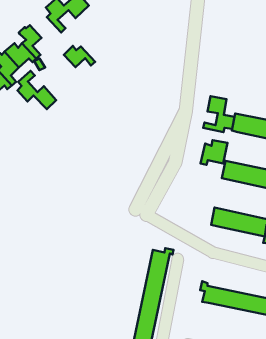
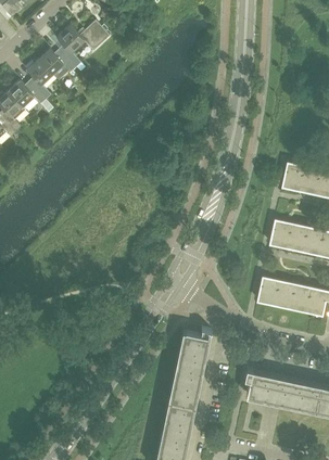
building: [64,46,95,67] -> [38,48,76,74]
building: [18,71,56,109] -> none
building: [203,96,234,132] -> none
building: [201,140,227,165] -> none

